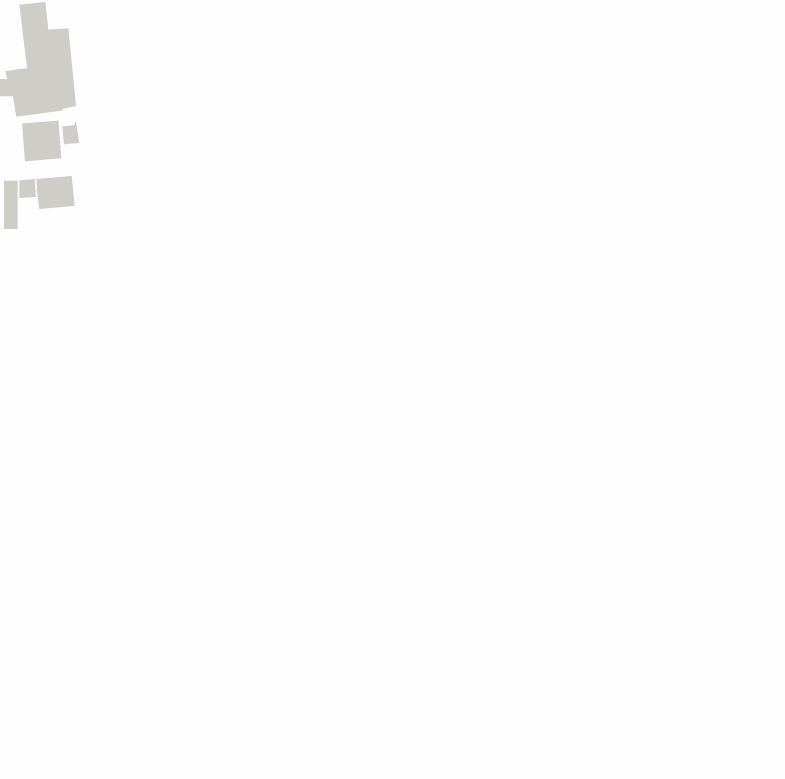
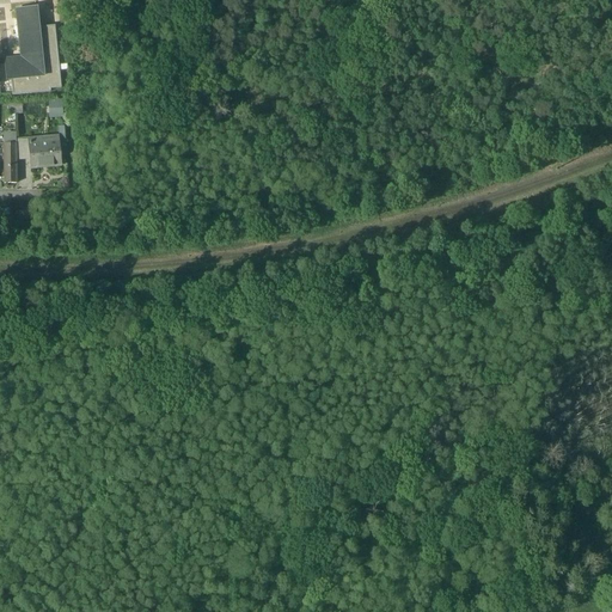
building: [22,120,62,162] -> none

